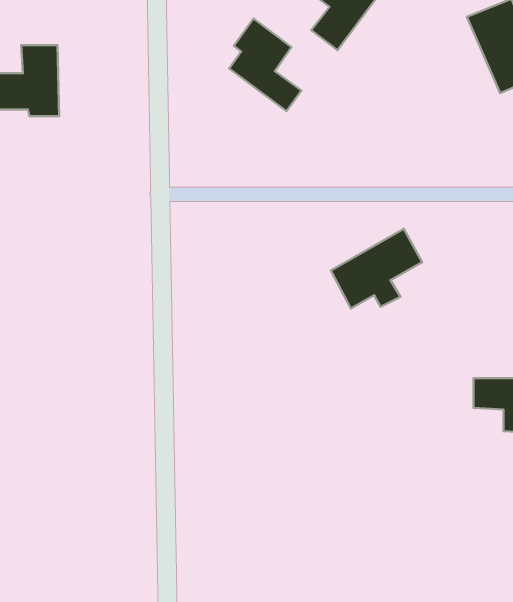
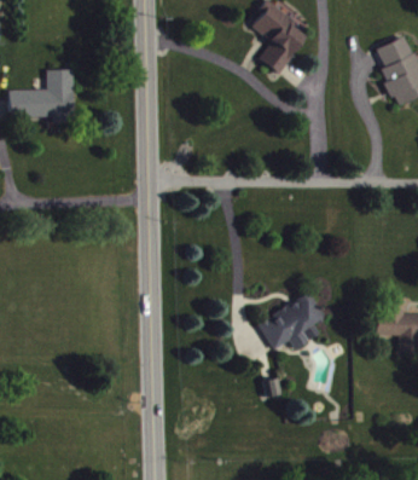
building: [229,18,302,111] -> none
building: [331,229,422,308] -> [259,293,325,351]

